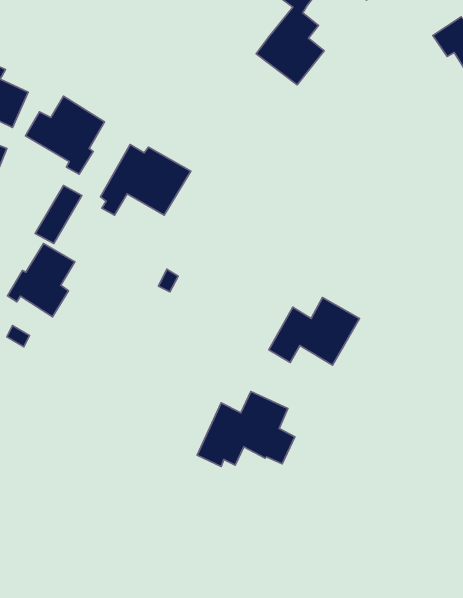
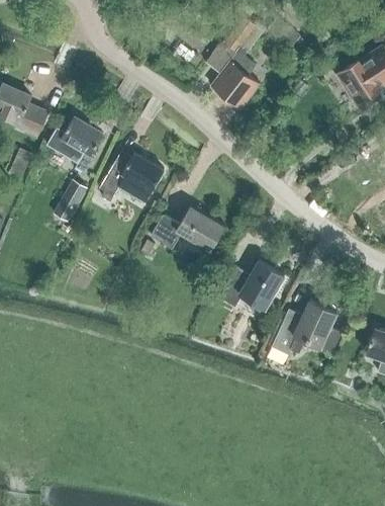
building: none -> [150,205,224,251]
building: [8,243,75,317] -> none
building: [197,392,295,467] -> [271,301,341,354]

